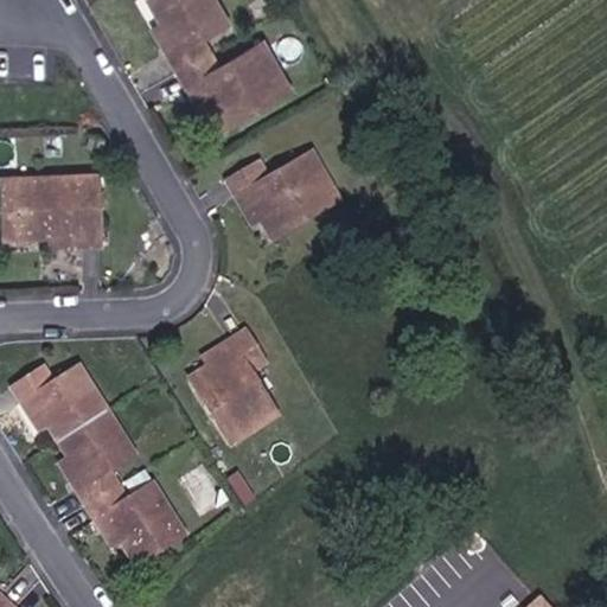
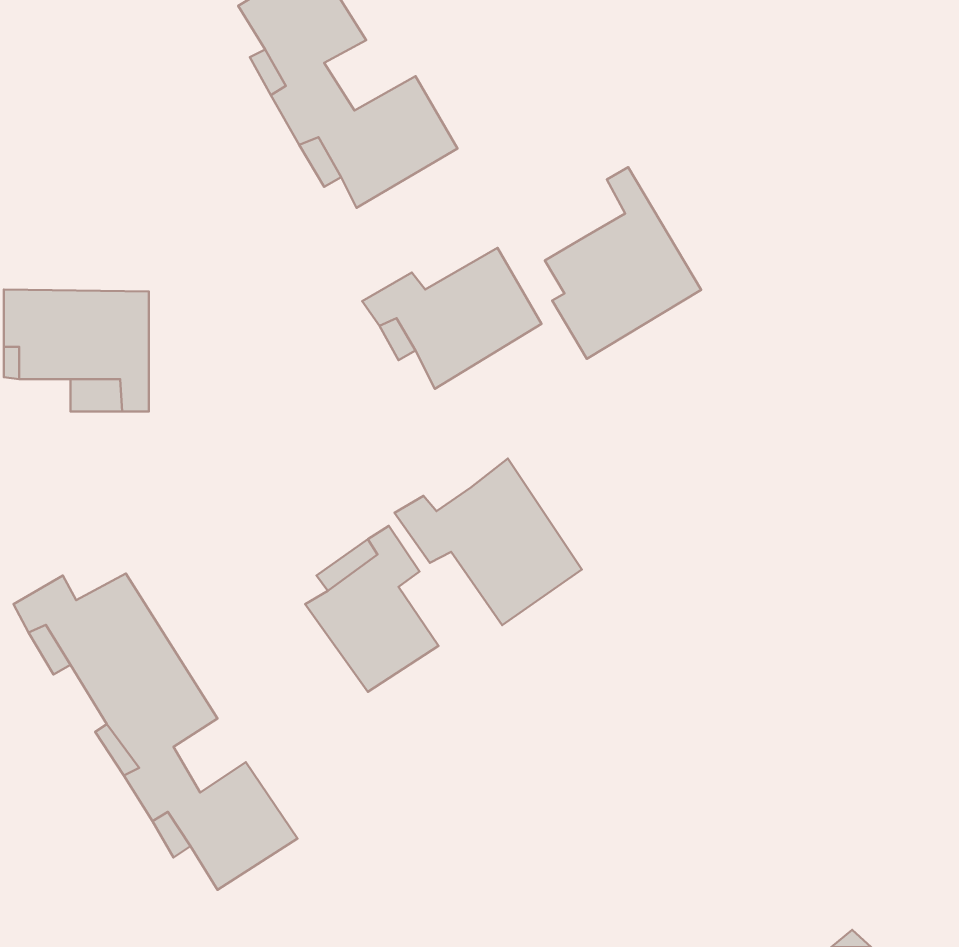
building: none -> [545,167,701,359]
building: none -> [395,458,582,625]

